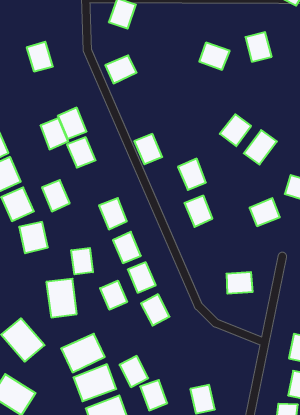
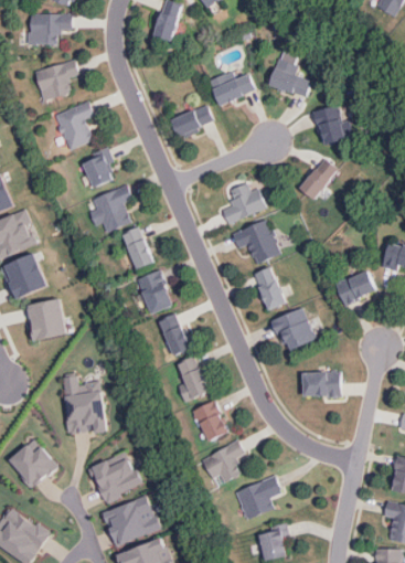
building: none -> [31,12,60,49]
building: [245,32,272,62] -> [312,106,348,146]
building: none -> [211,67,253,106]
building: [105,55,137,83] -> [169,104,211,141]
building: [40,118,68,149] -> [55,107,93,149]
building: [244,130,277,165] -> none
building: [134,134,162,164] -> [223,182,260,223]
building: [42,180,70,211] -> [116,225,153,267]
building: none -> [277,309,315,351]
building: [71,248,93,274] -> none
building: [100,281,127,310] -> none
building: [119,356,148,387] -> [202,445,241,487]
building: [140,380,167,410] -> [236,480,273,521]

